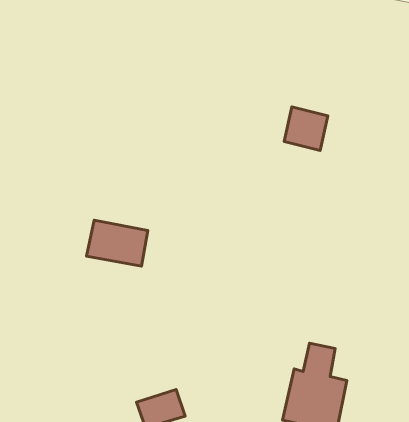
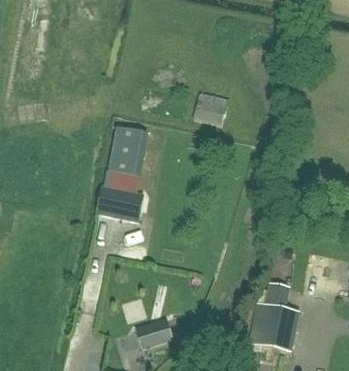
building: [284,107,328,151] -> [194,92,228,126]
building: none -> [108,127,148,177]

